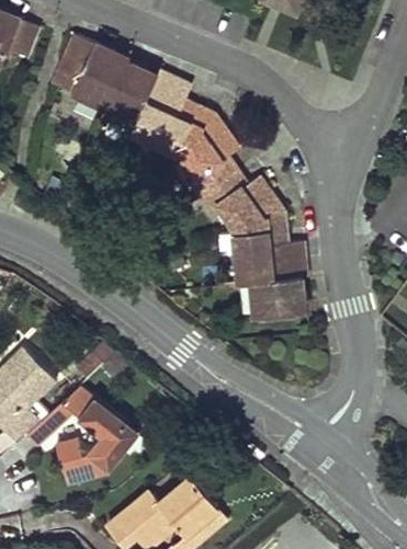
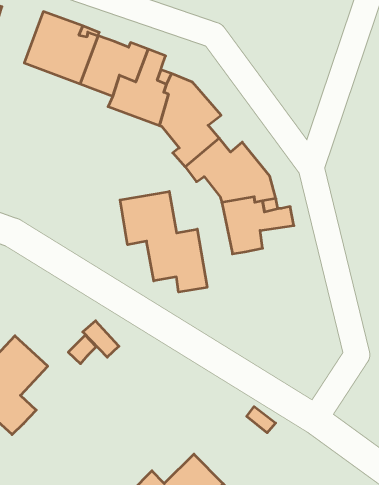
building: none -> [120,191,207,292]
building: [253,261,305,316] -> none
building: [27,386,135,481] -> none

